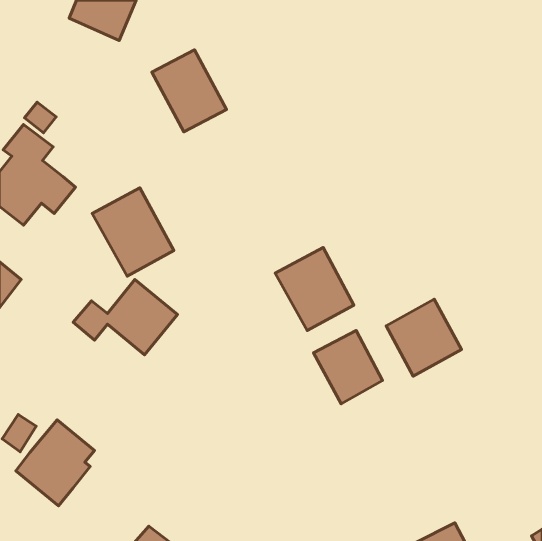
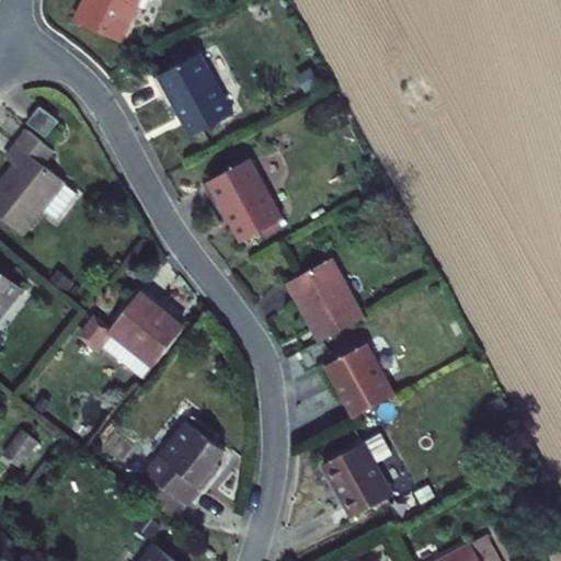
building: [92,188,174,276] -> [201,156,285,247]
building: [386,299,462,376] -> none
building: none -> [320,433,394,519]
building: [16,420,94,506] -> [142,419,224,507]

